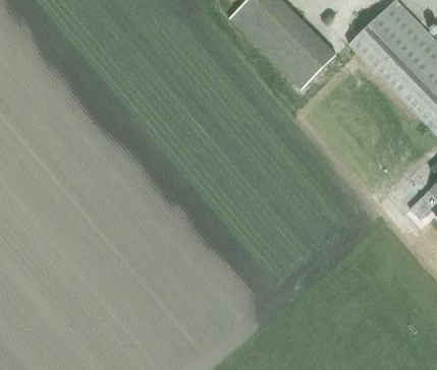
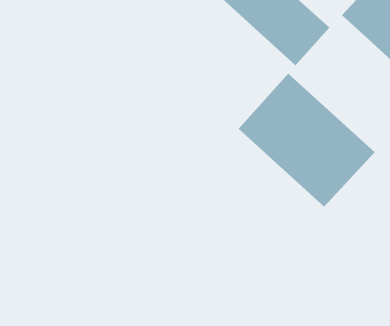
building: none -> [238,73,375,207]

